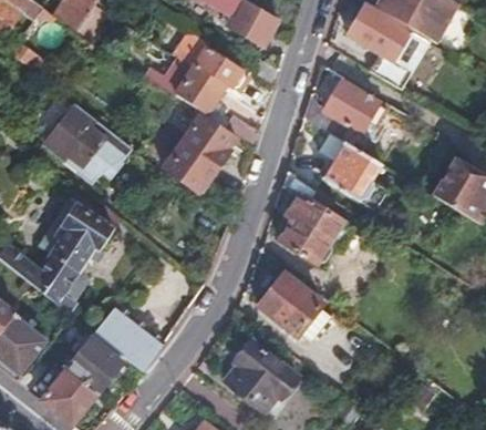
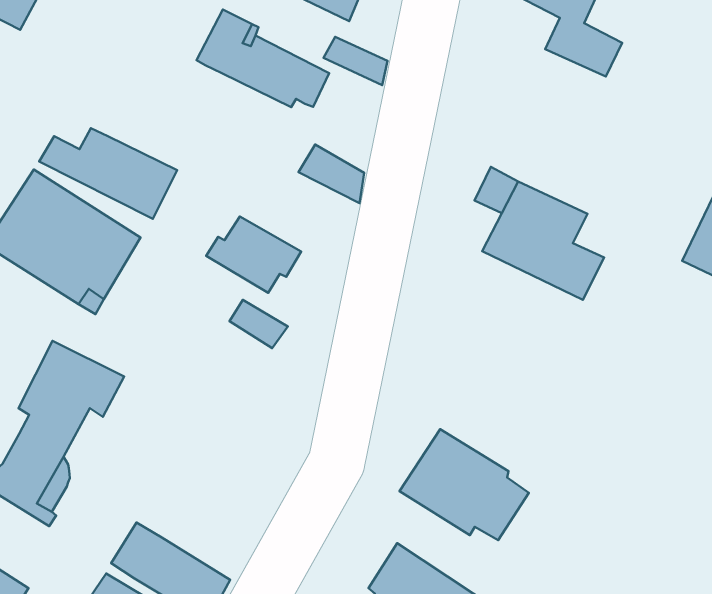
building: [146,60,223,114] -> [39,128,177,219]
building: [304,82,390,141] -> none
building: [187,119,235,170] -> none
building: [279,171,351,266] -> none

